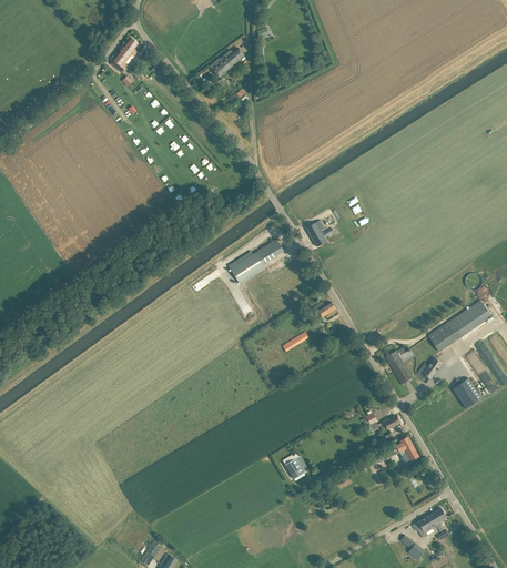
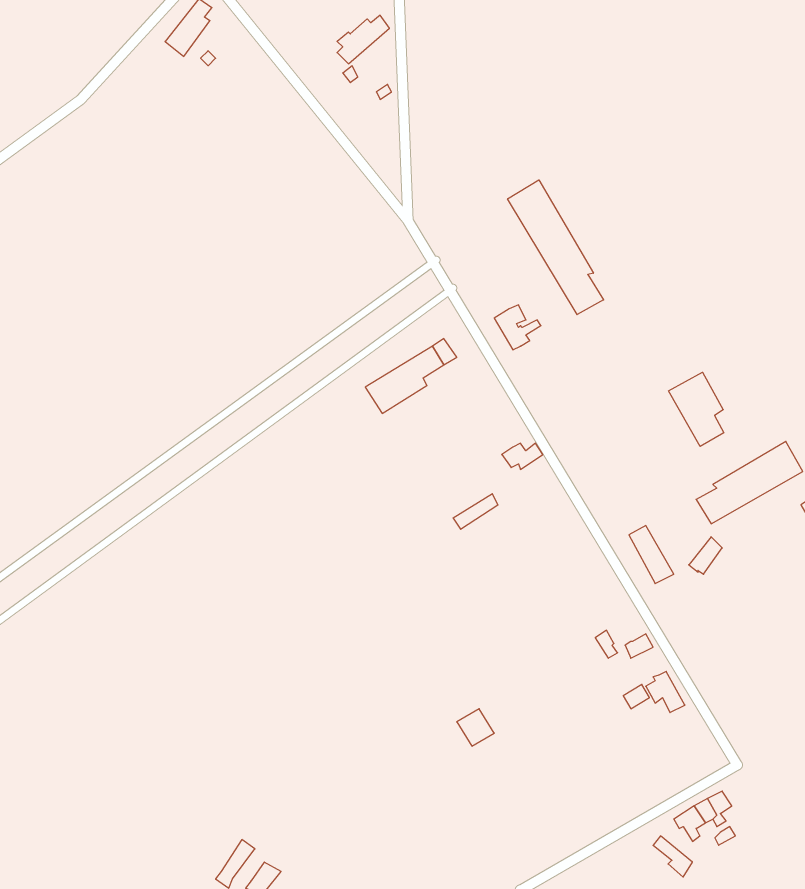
building: none -> [508,180,604,315]
building: none -> [669,372,724,446]
building: [453,377,481,407] -> none

